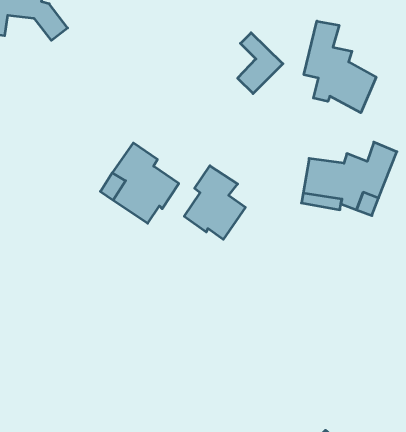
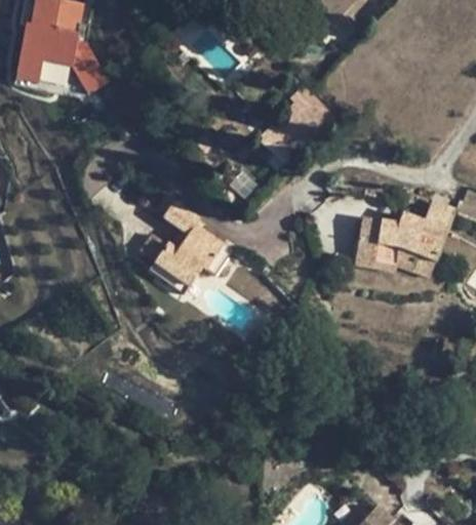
building: [304,21,376,113] -> none
building: [184,166,245,239] -> none

